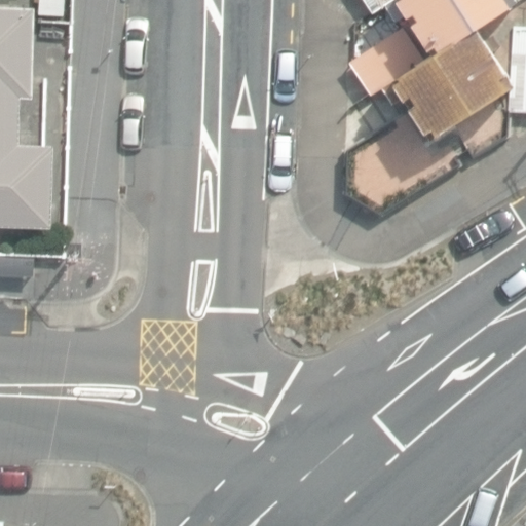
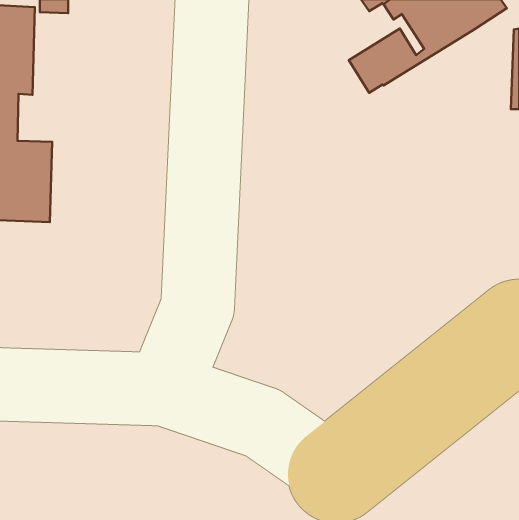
building: [386,30,514,140] -> none

